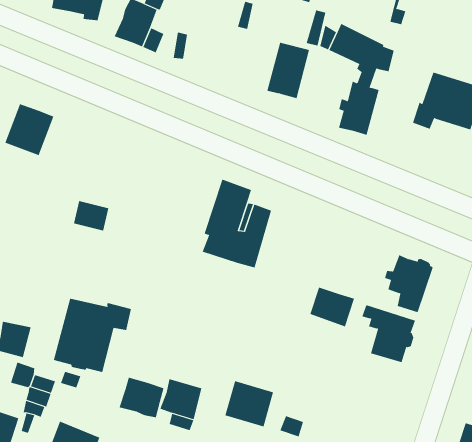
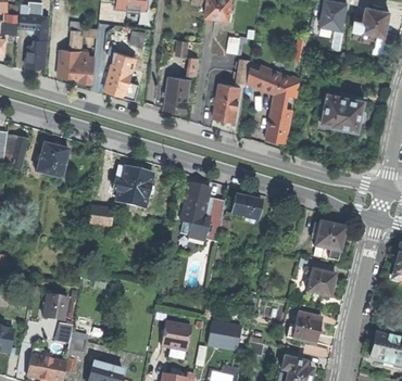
building: none -> [164,75,191,111]
building: none -> [113,165,156,207]
building: [309,287,355,327] -> [231,193,262,219]
building: [53,298,132,373] -> none
building: [119,377,164,418] -> none
building: none -> [284,313,318,344]

